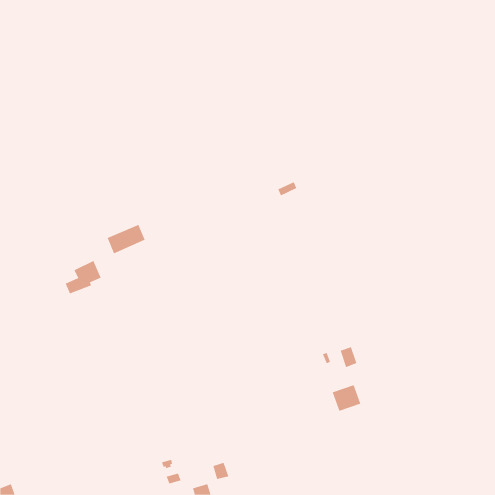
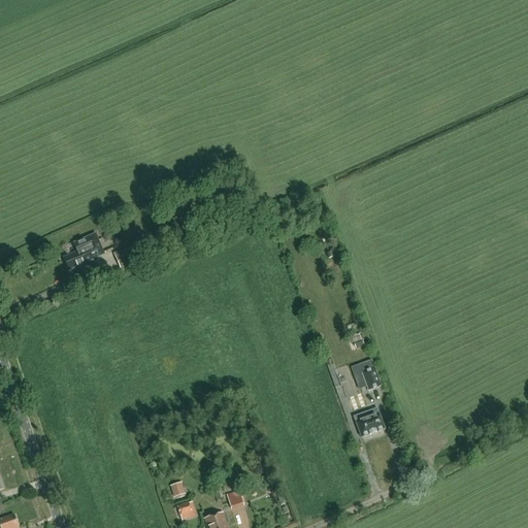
building: [65,260,102,294] -> [63,233,102,269]

